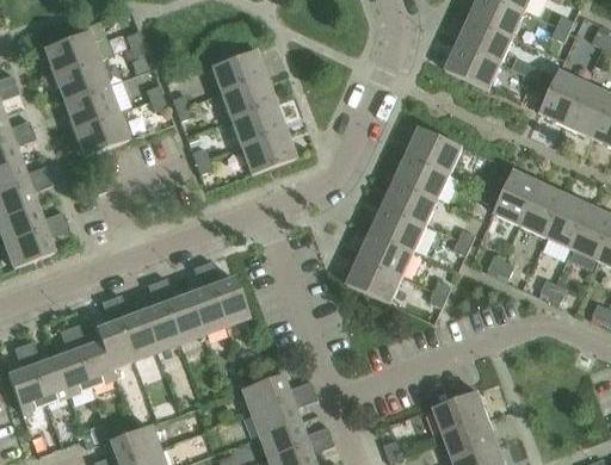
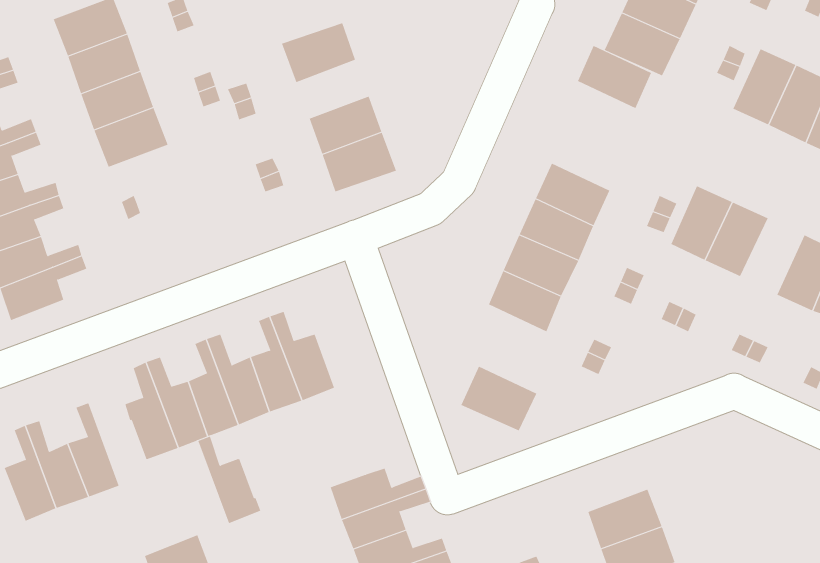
building: [220,76,273,119] -> none
building: [407,125,462,172] -> [577,45,652,109]
building: [545,192,592,248] -> none
building: [347,255,403,303] -> [461,366,537,431]
building: [68,323,115,388] -> [197,436,261,524]

